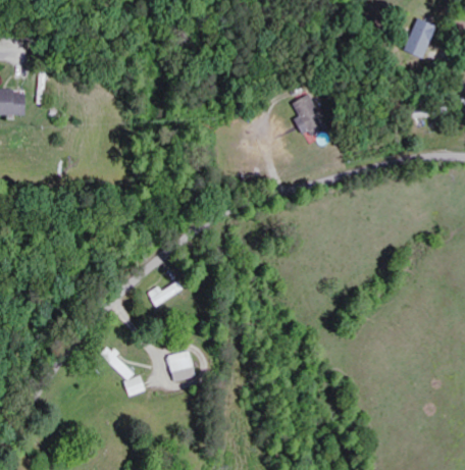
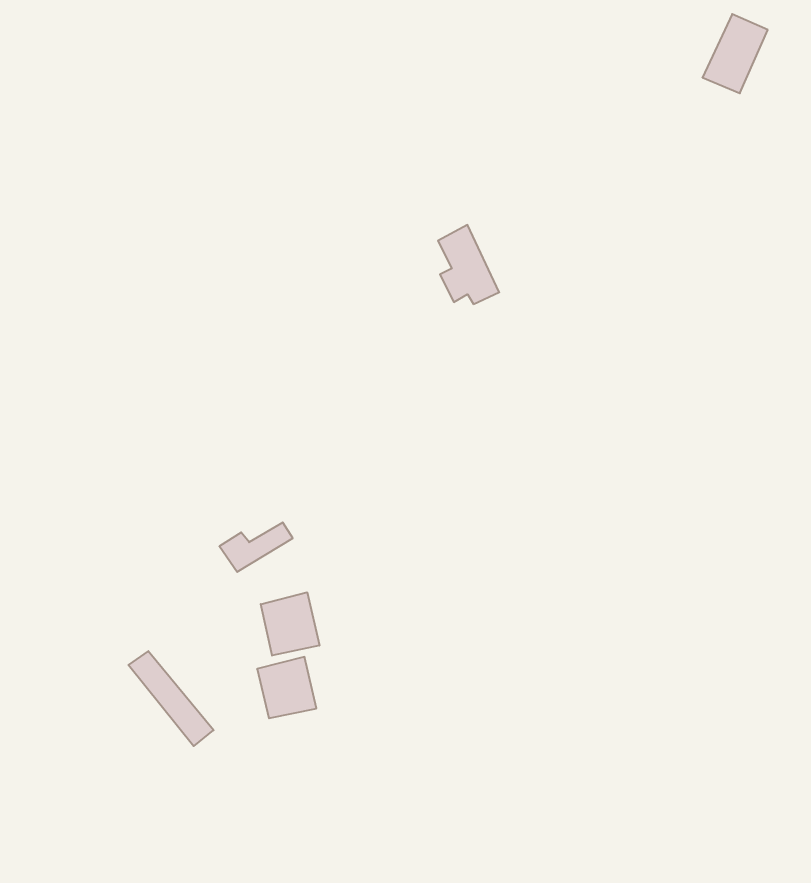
building: [291,95,322,136] -> [438,225,499,304]
building: none -> [261,592,319,656]

